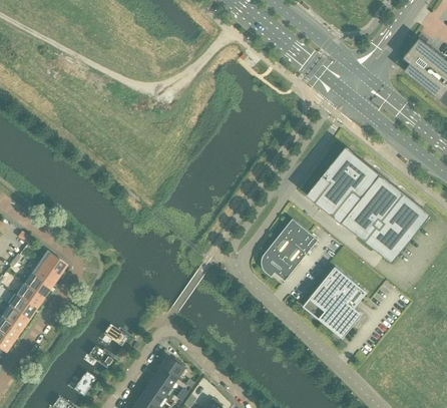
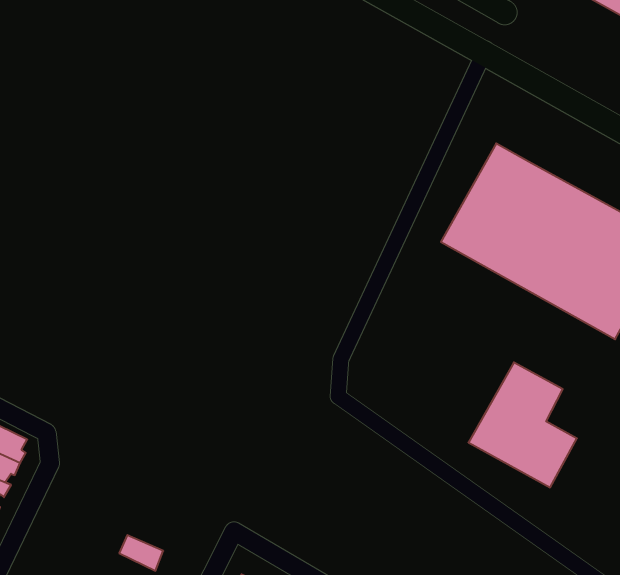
building: [262,219,318,281] -> none

